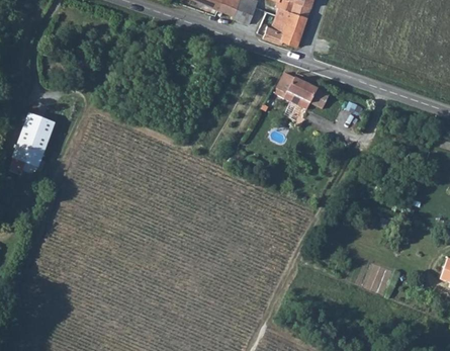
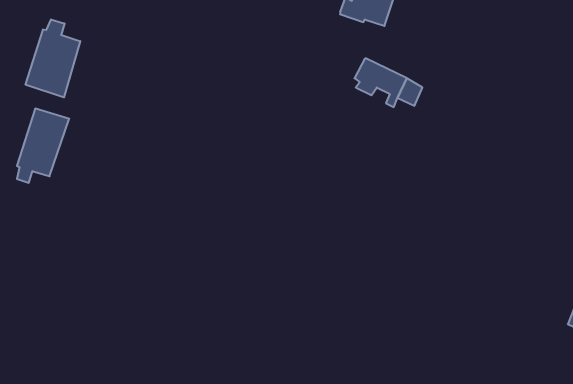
building: none -> [26,19,80,97]

